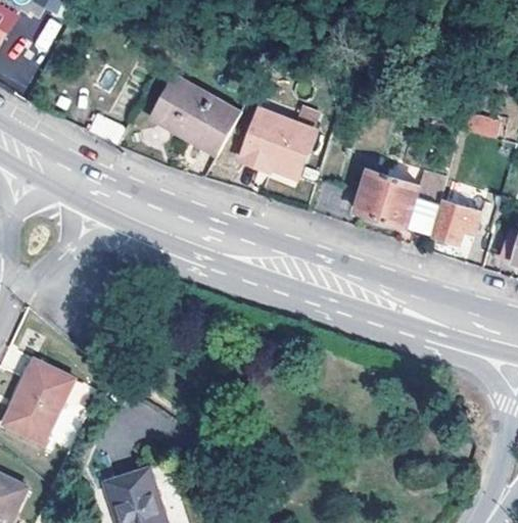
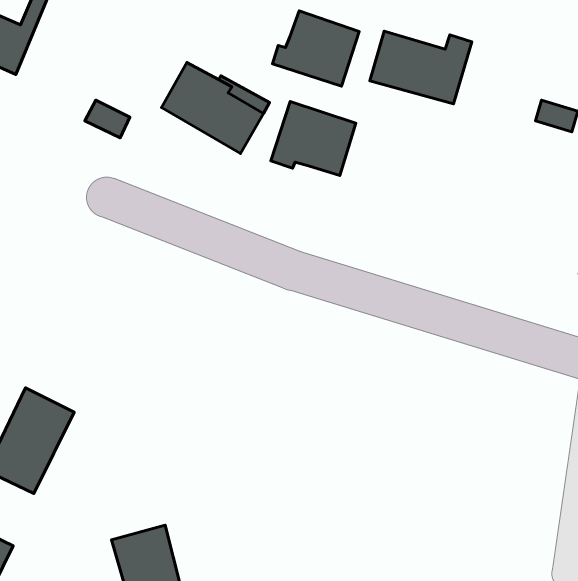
building: none -> [272,11,359,86]
building: [357,171,442,232] -> [370,31,472,104]
building: [431,201,480,245] -> none

